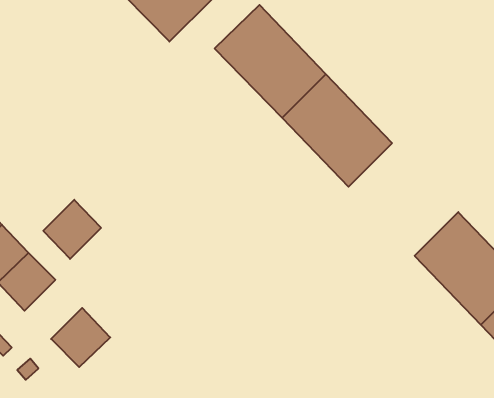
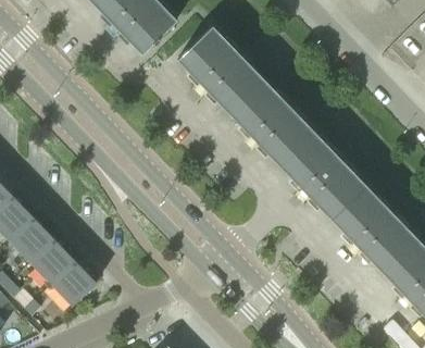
building: none -> [280,132,365,219]
building: [43,200,101,259] -> [30,237,75,283]

